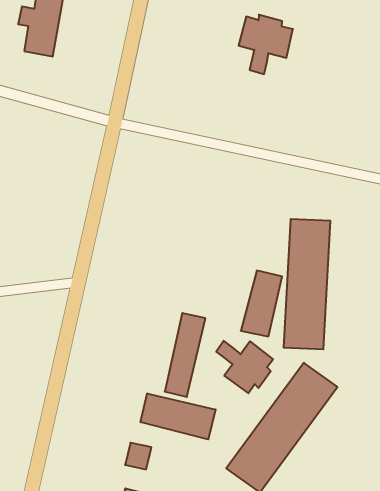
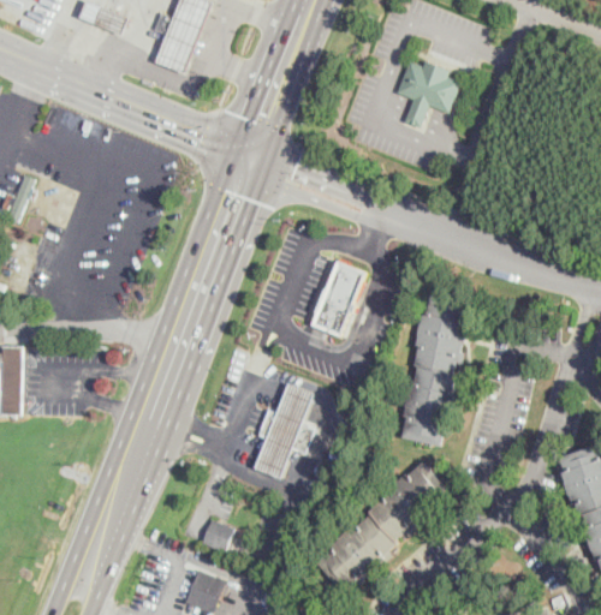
building: [241,271,282,336] -> [309,259,364,335]
building: [216,341,273,393] -> none
building: [141,393,216,439] -> none

